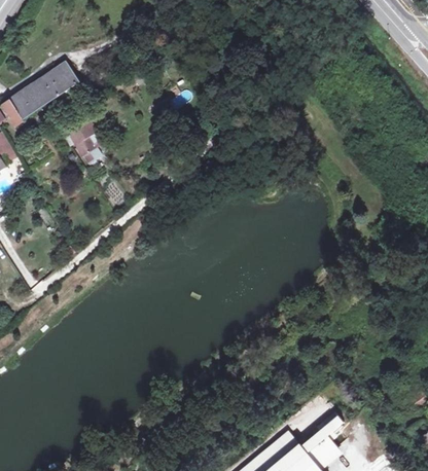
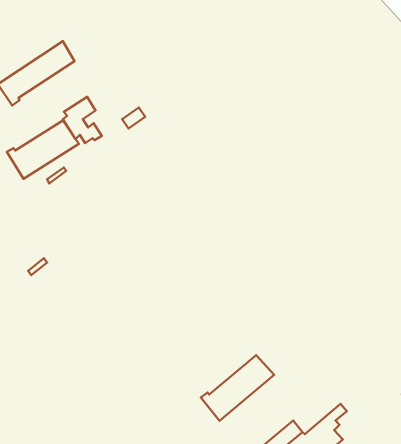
building: none -> [7,121,79,179]
building: none -> [201,355,274,421]

